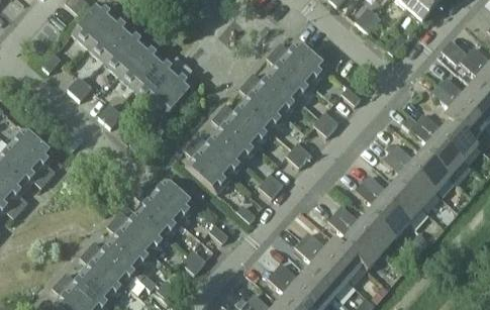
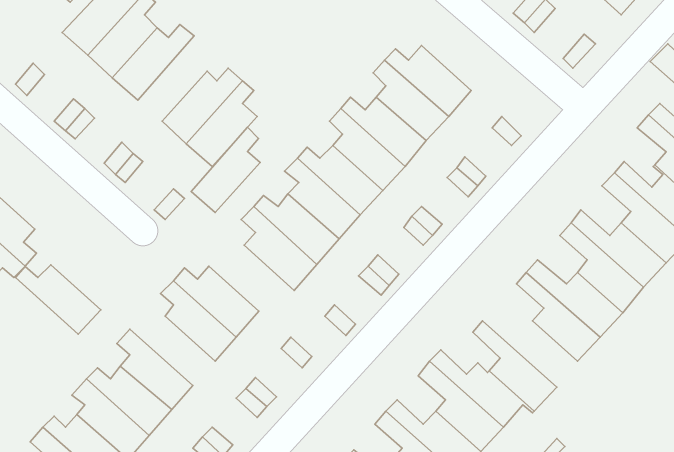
building: [119,35,163,89] -> [191,127,260,213]
building: [335,206,395,255] -> none
building: [114,211,168,254] -> [15,265,101,334]

